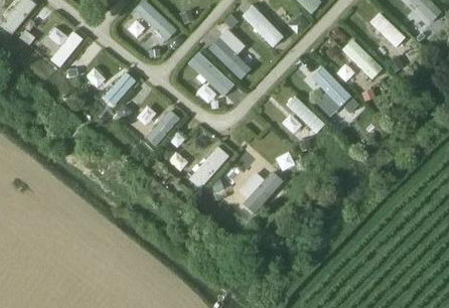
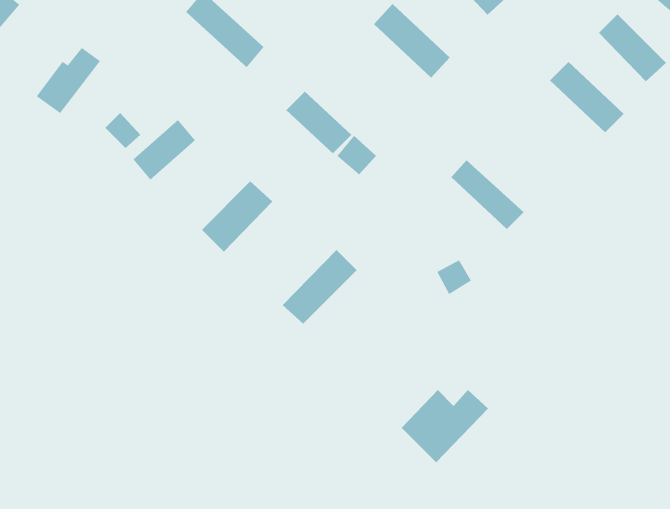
building: [206,27,250,79] -> none
building: [310,64,353,108] -> none
building: [234,170,284,212] -> [401,389,489,463]

